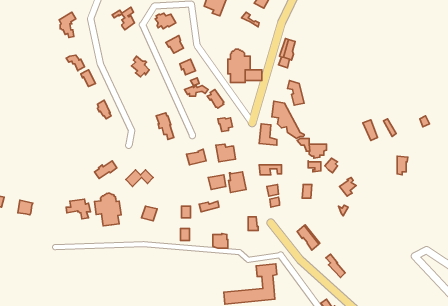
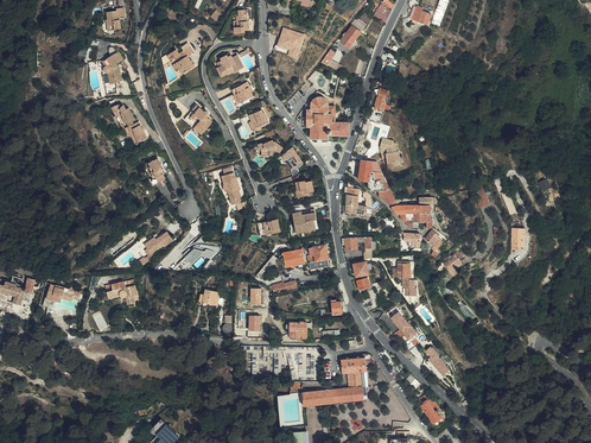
building: [95,193,121,226] -> none

